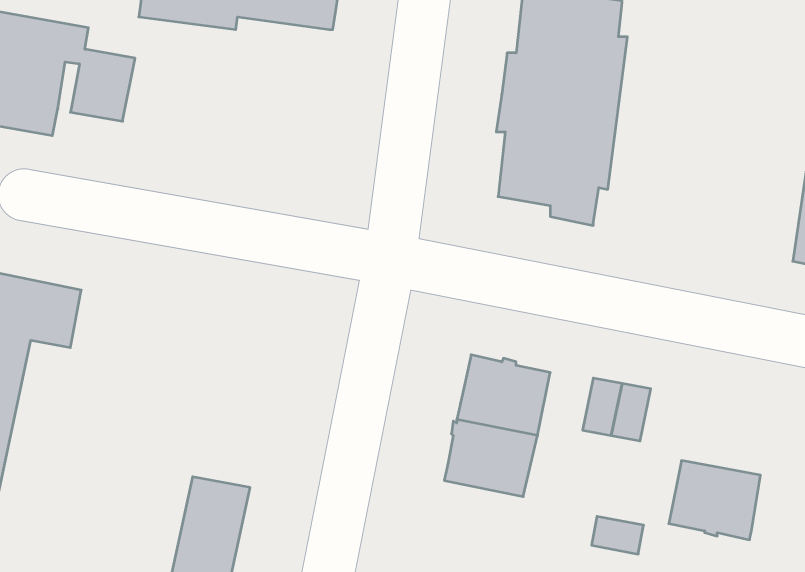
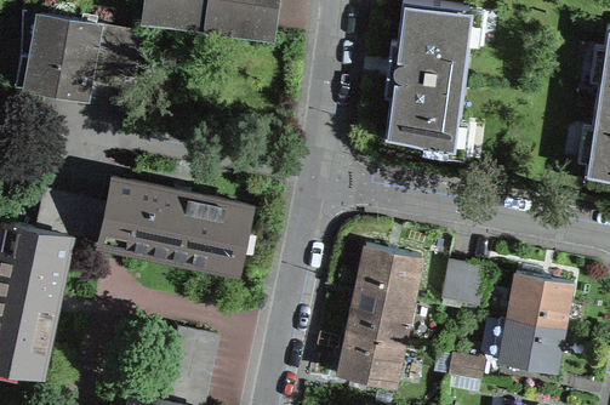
building: none -> [97,179,251,273]
building: none -> [508,275,572,329]
building: none -> [341,332,403,386]

